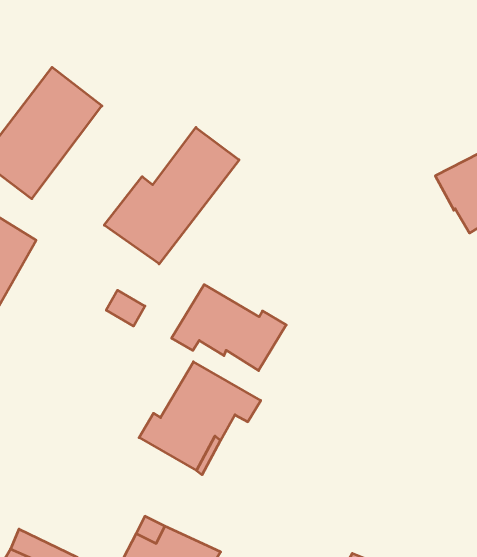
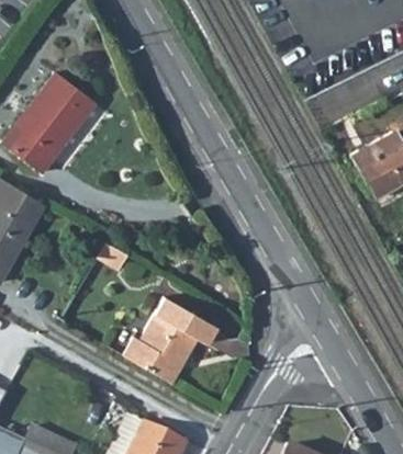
building: [104,127,239,264] -> none
building: [172,285,286,371] -> none

